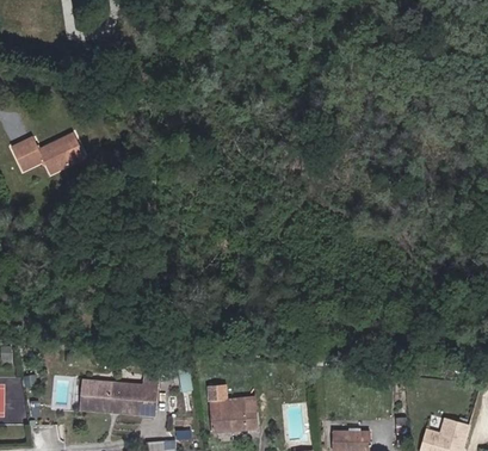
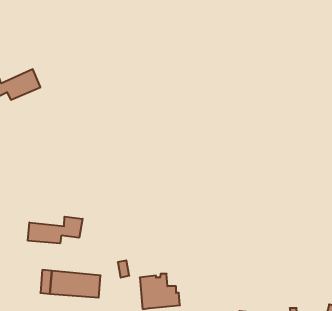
building: none -> [28,217,83,243]

